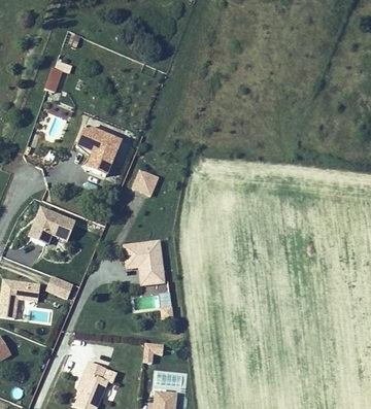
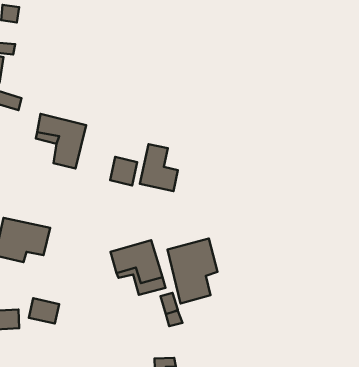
building: none -> [140,144,178,191]
building: none -> [168,239,218,304]

